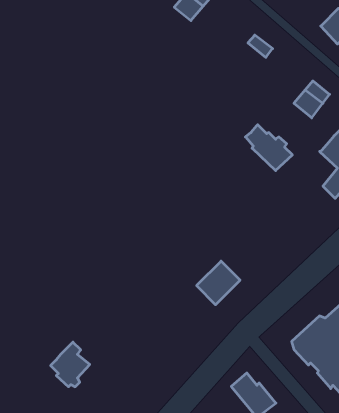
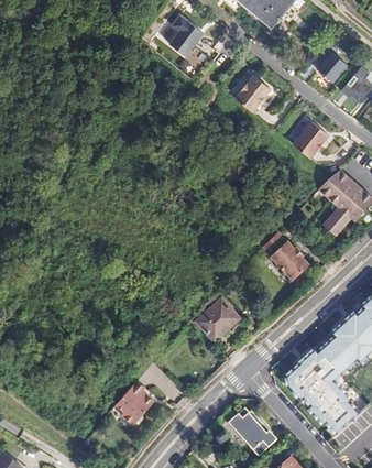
building: none -> [233,84,263,112]
building: [245,125,292,171] -> [259,235,305,280]
building: [51,342,90,387] -> [112,379,151,423]

